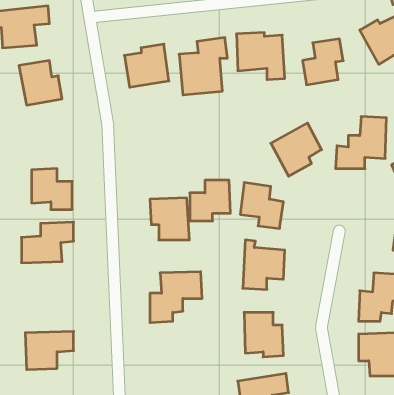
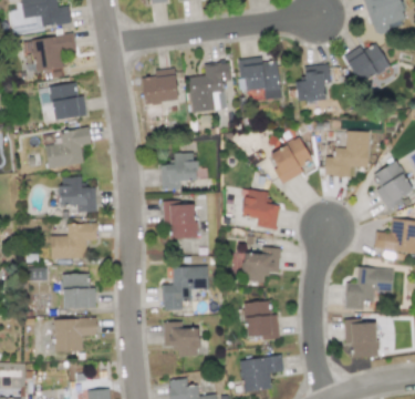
building: none -> [45,127,91,167]
building: [190,180,230,221] -> [160,153,196,188]
building: none -> [62,274,95,308]
building: none -> [163,321,199,356]

